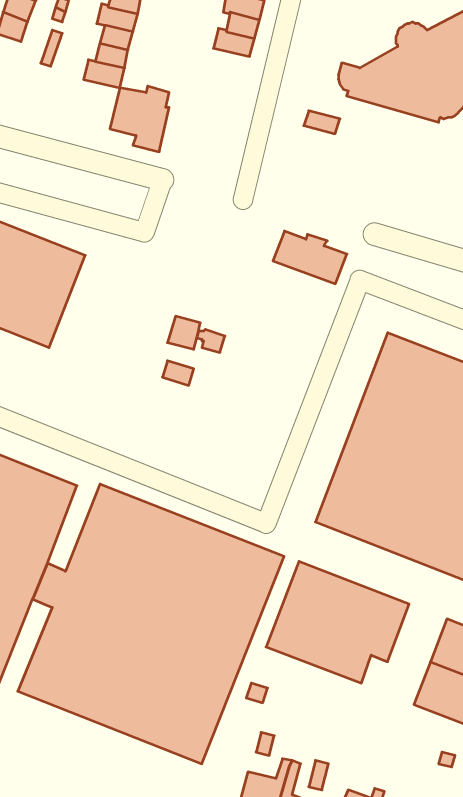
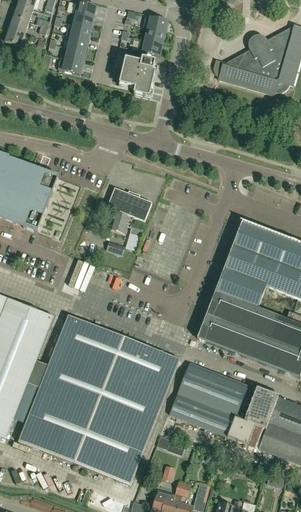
building: [110,86,169,152] -> [119,57,155,97]
building: [273,231,347,284] -> [107,187,152,219]
building: none -> [227,387,279,448]

